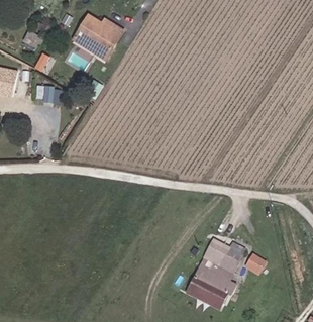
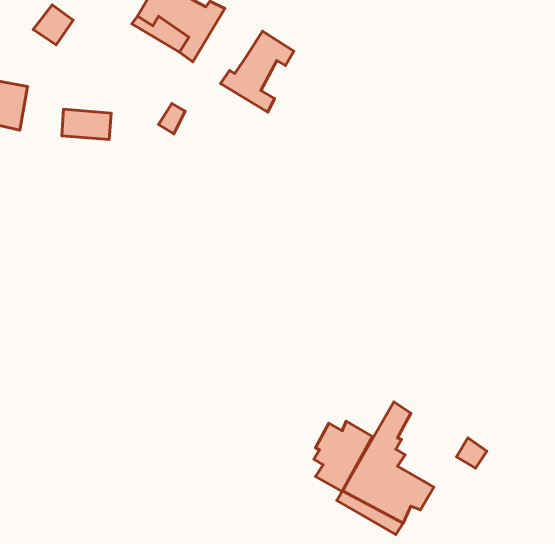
building: none -> [220,31,294,112]
building: [215,243,246,281] -> [314,421,373,492]

